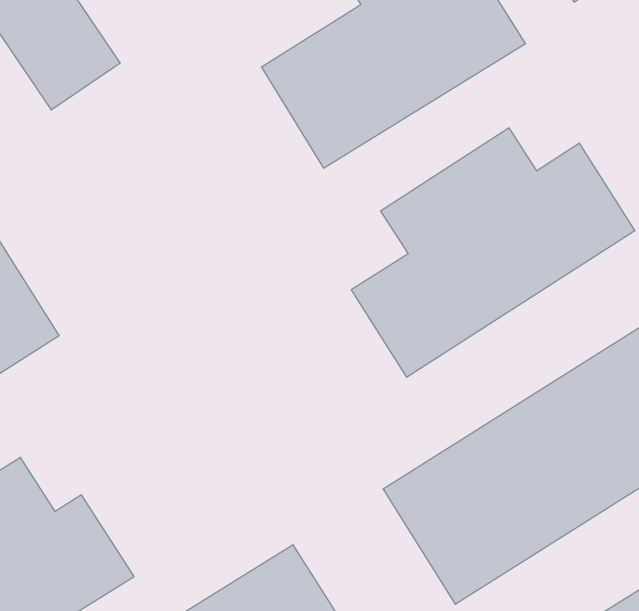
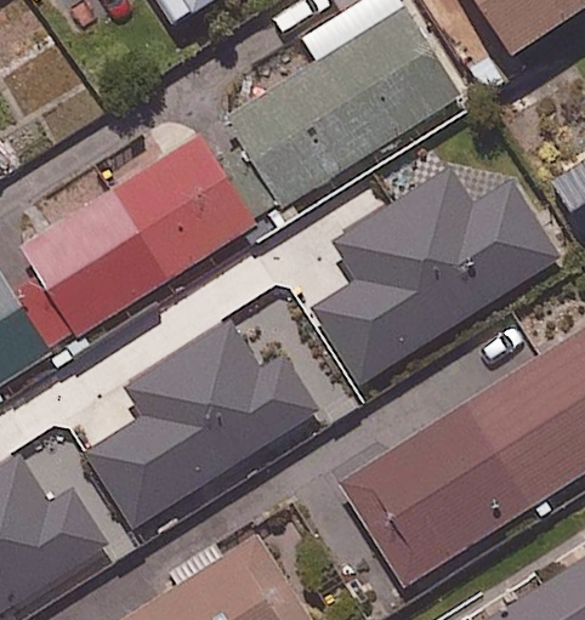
building: none -> [23,135,256,345]
building: none -> [87,320,319,527]

